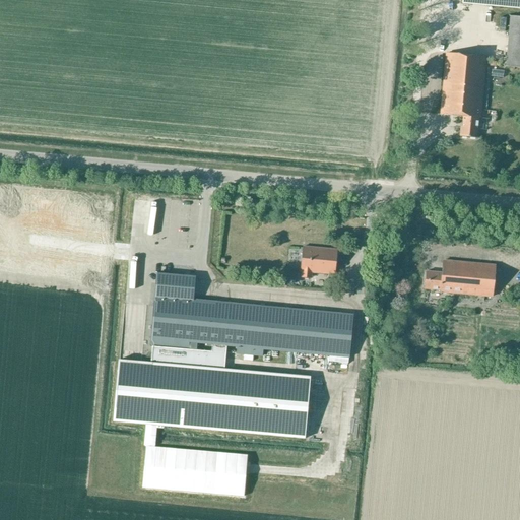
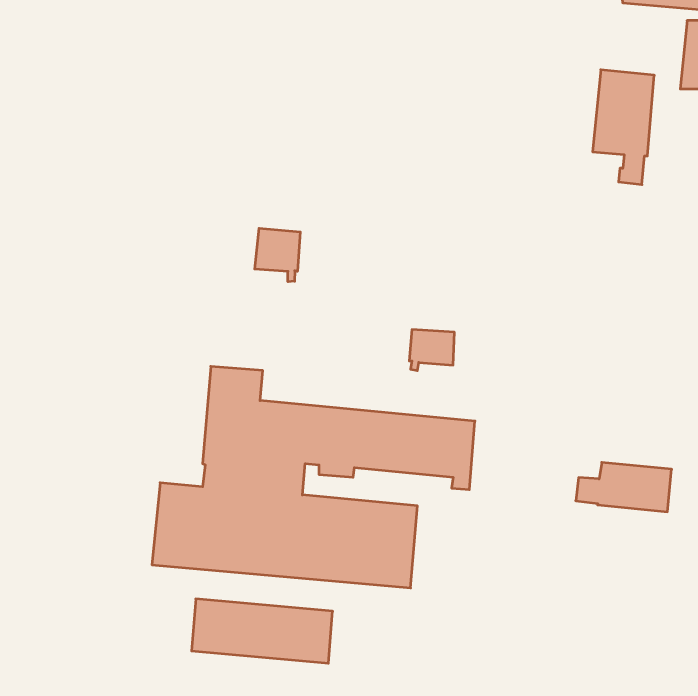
building: none -> [255,228,300,282]
building: [425,259,496,296] -> [576,462,672,512]

